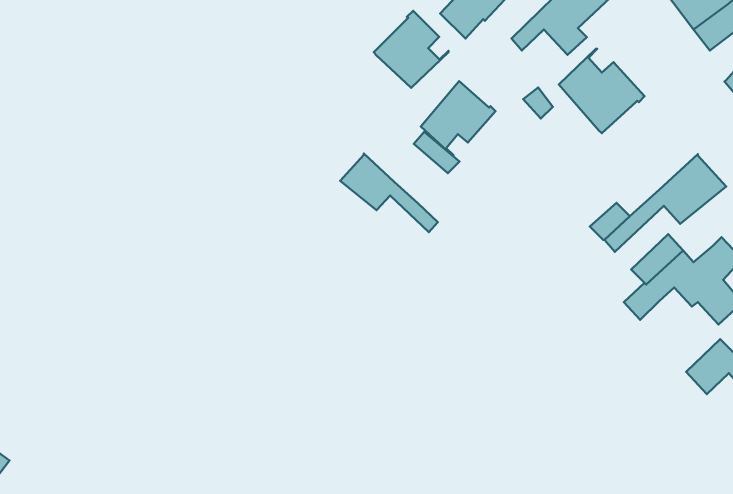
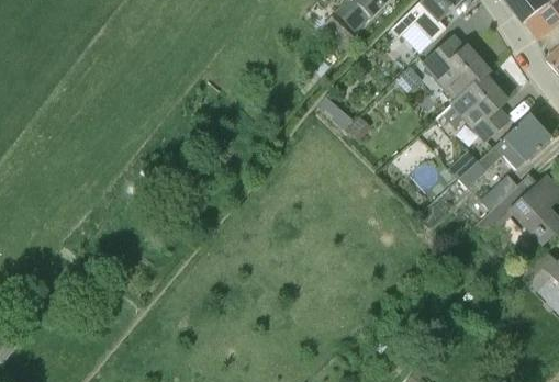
building: [374,11,449,88] -> none
building: [421,81,495,155] -> none
building: none -> [443,76,510,143]
building: [340,154,438,232] -> none

